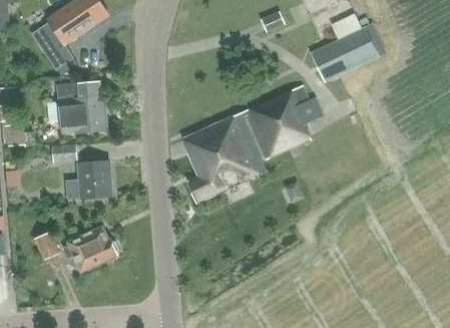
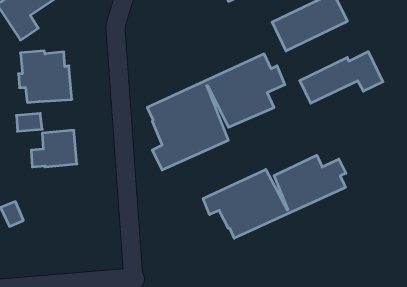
building: none -> [300,52,383,103]
building: none -> [203,155,346,238]
building: [63,227,116,272] -> none

